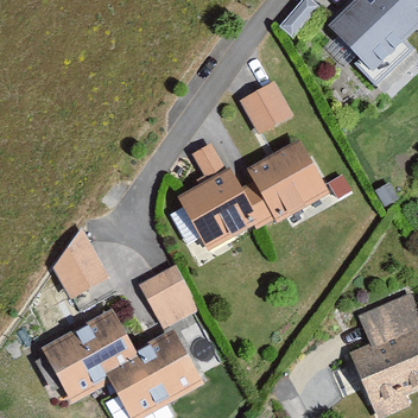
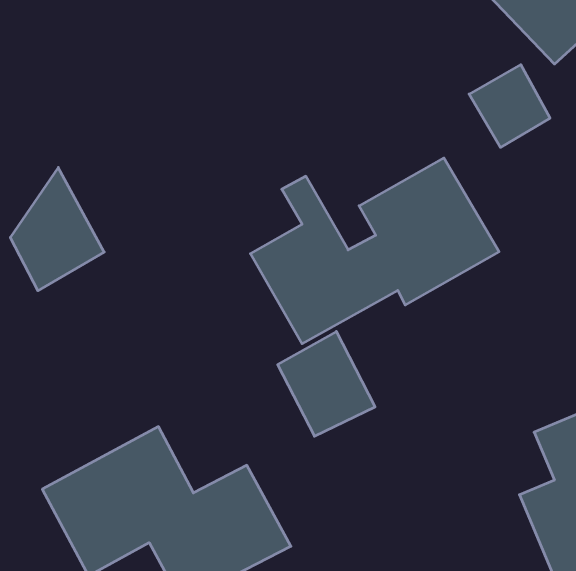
building: [240,82,292,135] -> [469,65,550,147]
building: [52,224,113,304] -> [10,167,104,291]
building: [138,261,201,329] -> [278,331,375,436]

